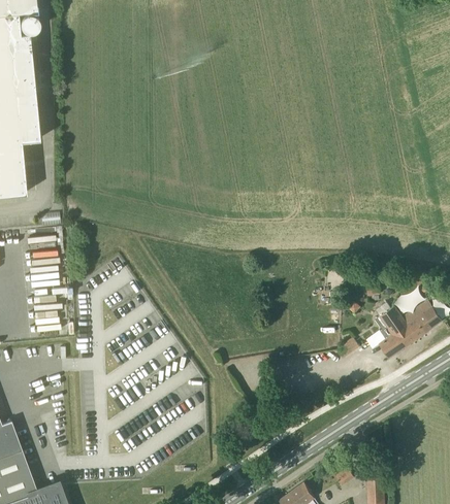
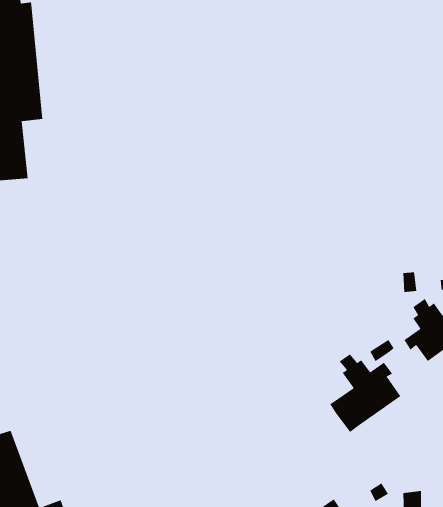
building: none -> [329,354,401,433]

